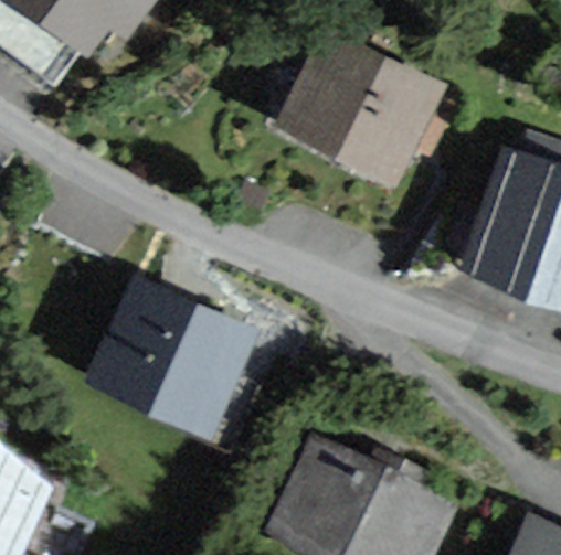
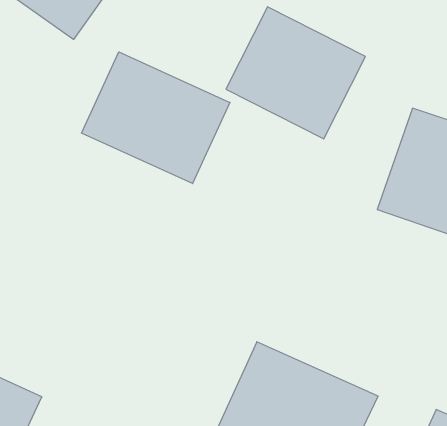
building: none -> [82,52,230,184]
building: [89,277,263,442] -> none

